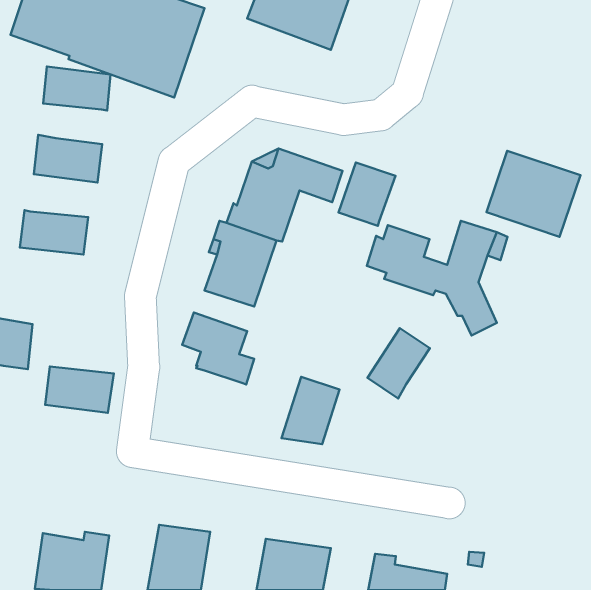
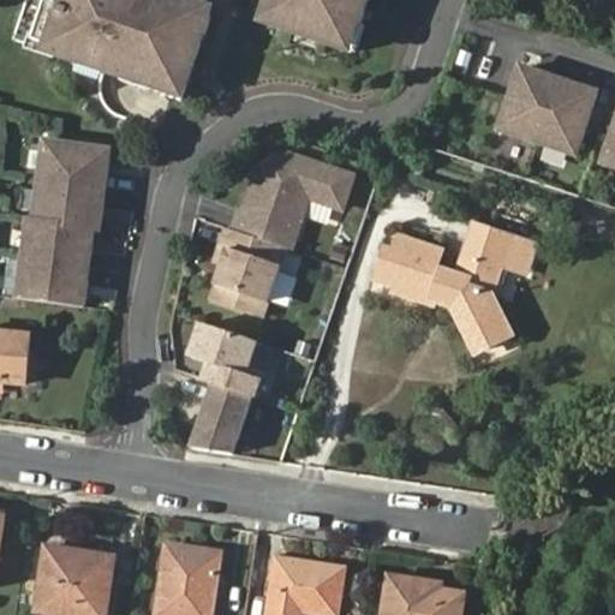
building: [43,66,111,111] -> [31,180,101,226]
building: [486,151,580,237] -> [498,61,596,150]
building: [338,163,395,226] -> none
building: [367,328,430,398] -> none
building: [45,367,114,413] -> [16,256,86,304]
building: [282,377,340,444] -> [191,383,251,453]

